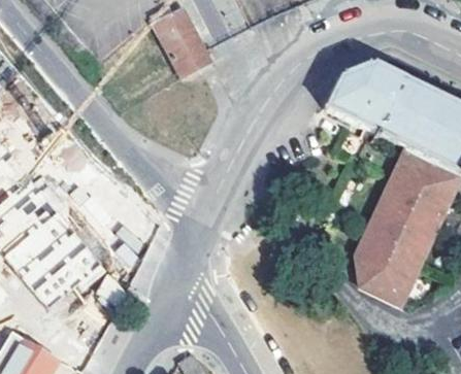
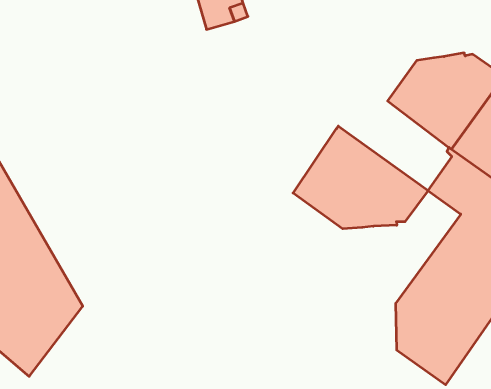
building: none -> [293,126,428,229]

